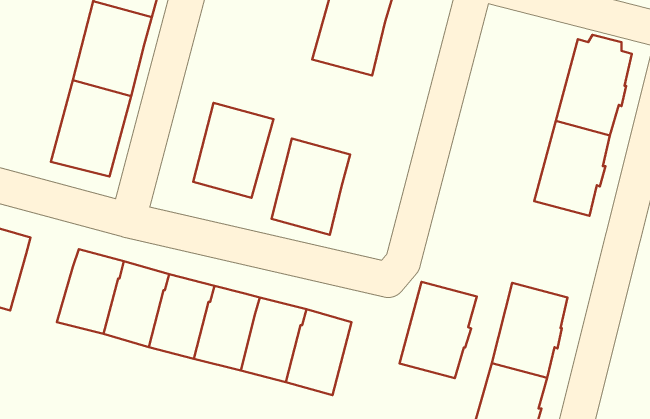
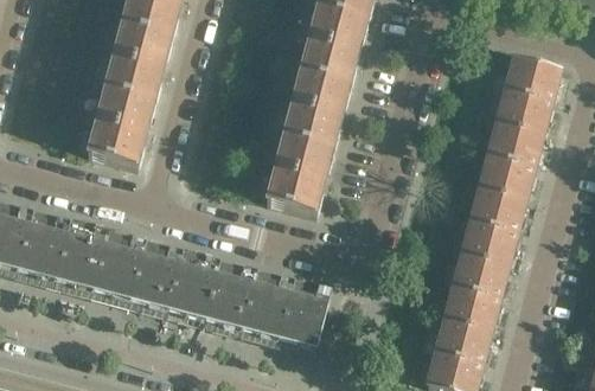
building: [193,103,273,198] -> [282,76,347,153]
building: none -> [53,220,109,289]
building: [399,282,477,378] -> [461,191,524,269]

